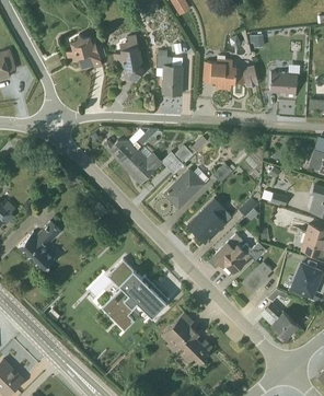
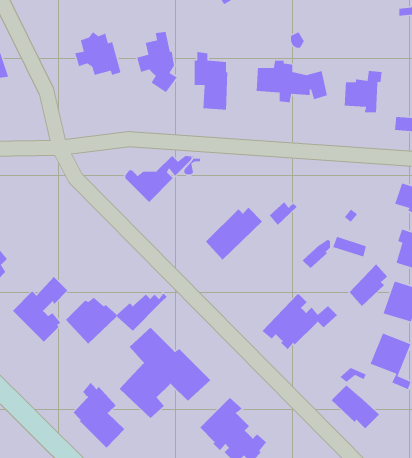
building: [123,144,200,184] -> [65,293,167,344]
building: [187,199,232,243] -> none
building: [242,261,271,294] -> [349,263,388,307]
building: none -> [73,382,125,449]

